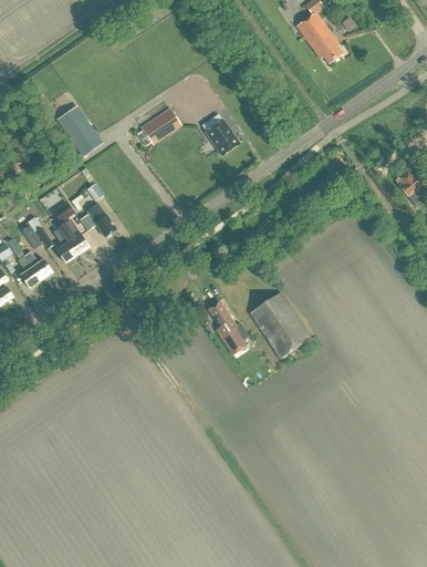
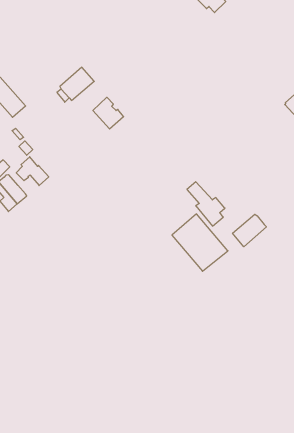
building: [205,118,239,155] -> [93,97,124,129]
building: none -> [233,214,266,247]
building: [208,301,249,354] -> [187,182,225,226]

